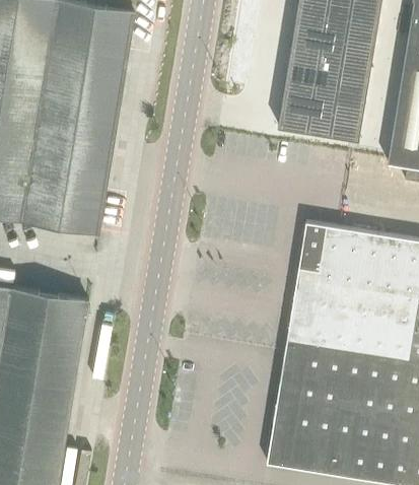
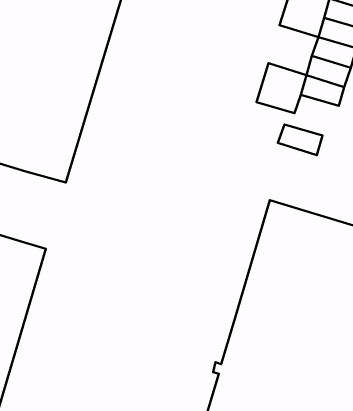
building: [286,47,333,93] -> none
building: [319,114,362,140] -> [278,125,322,155]

